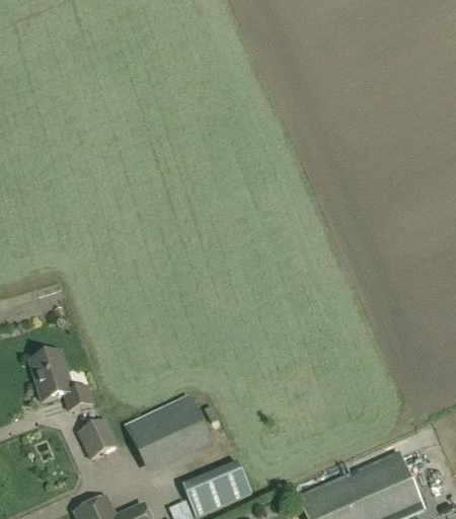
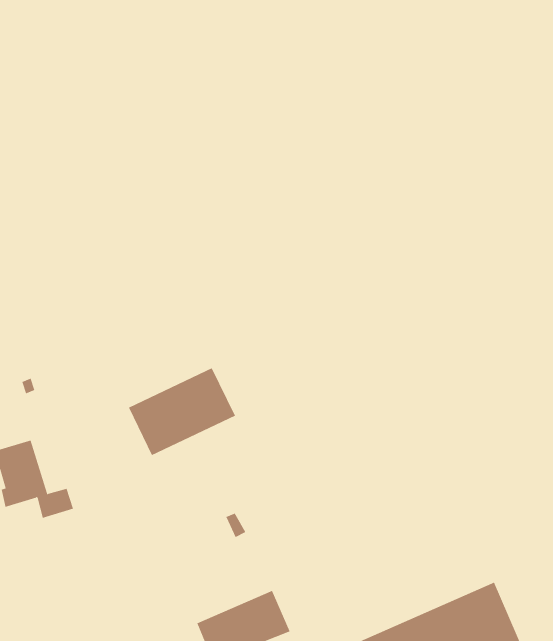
building: [125,394,204,459] -> [128,368,236,456]
building: [78,419,117,457] -> none

